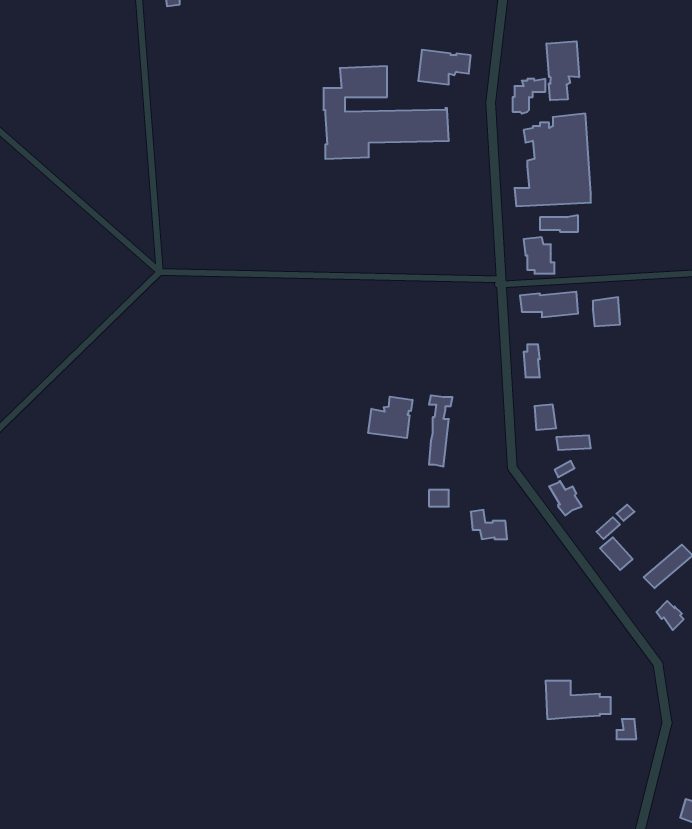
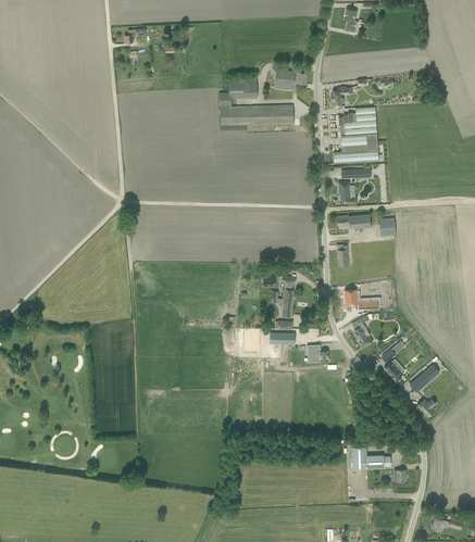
building: [547,41,579,100] -> none
building: [368,397,412,438] -> none

